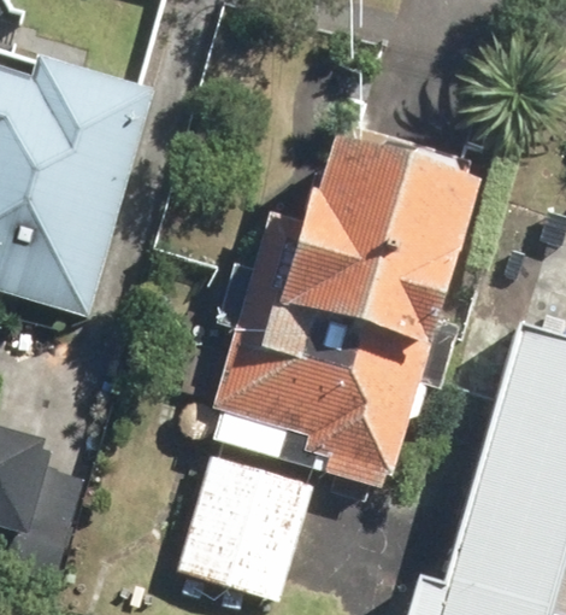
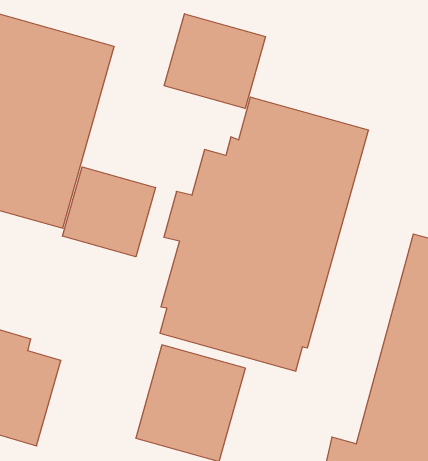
building: none -> [164,14,265,109]
building: none -> [63,167,155,257]

